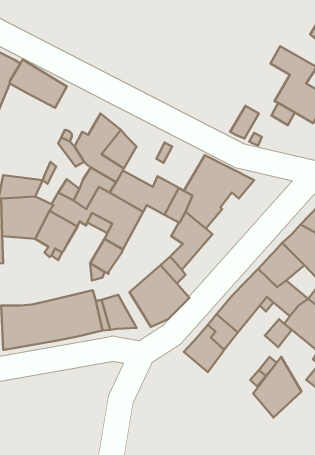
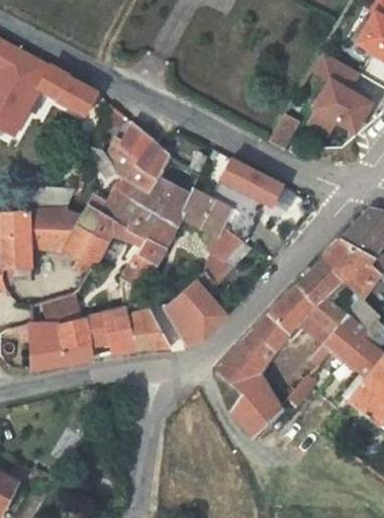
building: none -> [41,293,82,323]
building: [253,357,301,418] -> [230,372,281,436]

